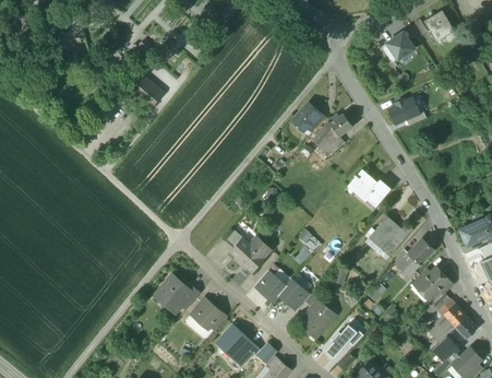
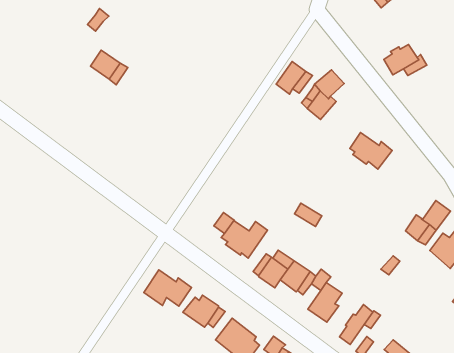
building: [369,216,413,257] -> none

